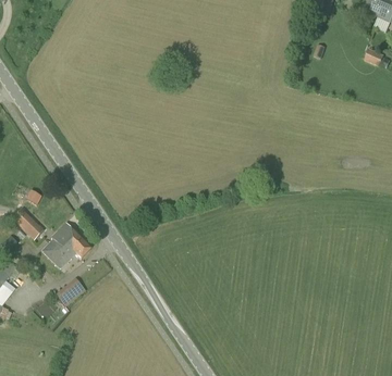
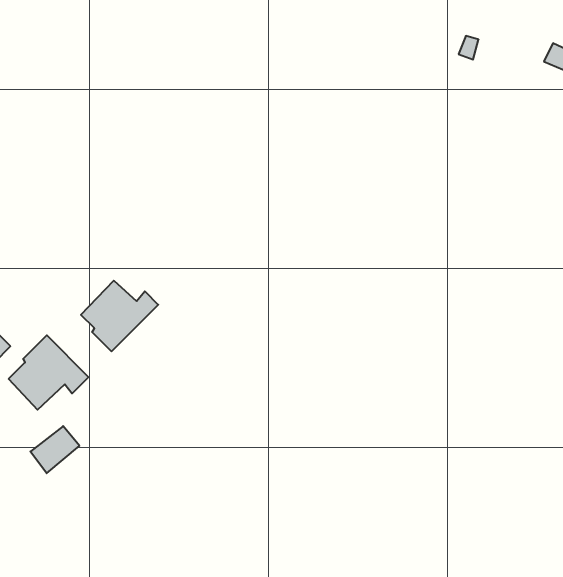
building: none -> [81,281,158,351]

